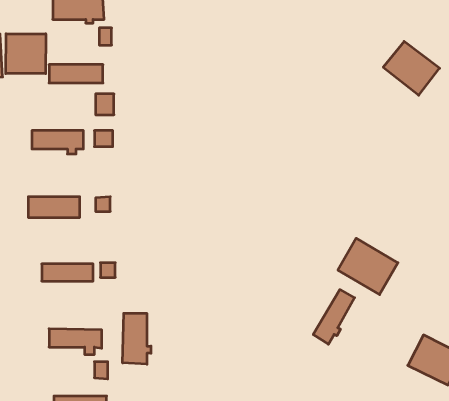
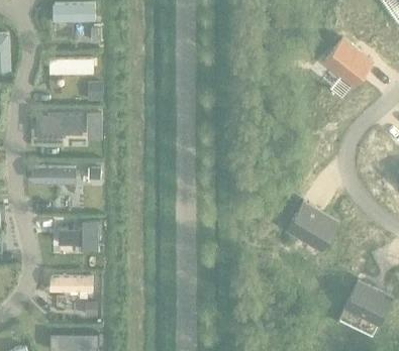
building: [6,34,46,74] -> none
building: [313,290,355,344] -> none
building: [123,313,151,364] -> none

